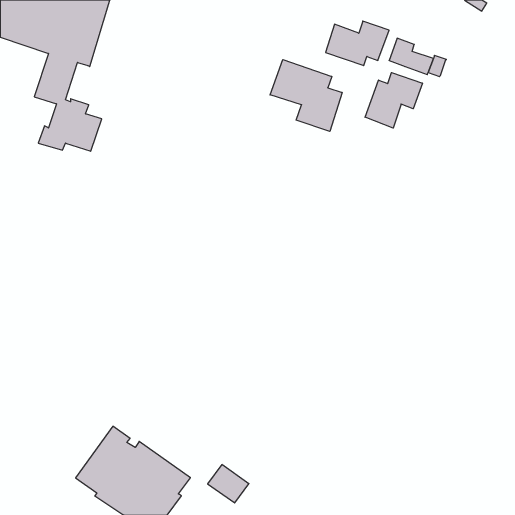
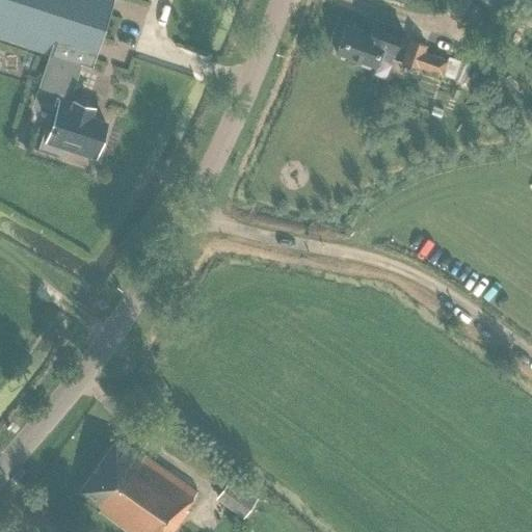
building: [270,60,342,131] -> none
building: [365,73,422,128] -> none

